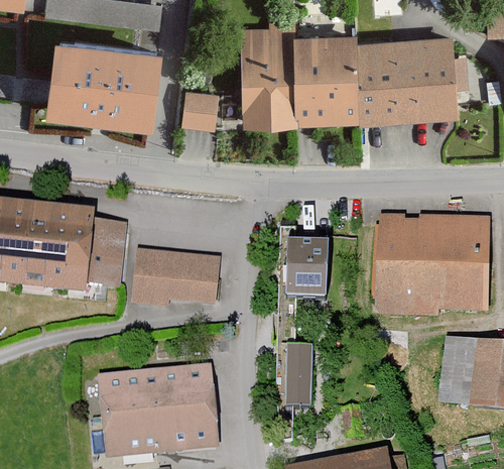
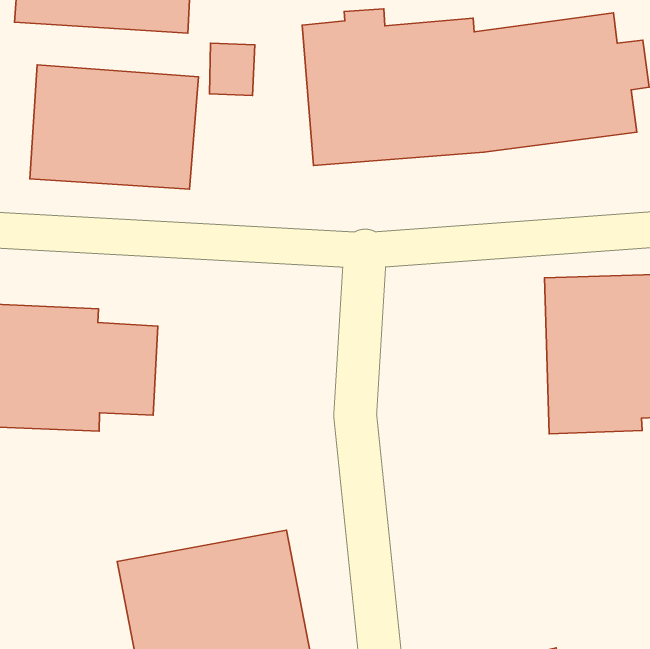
building: [178,93,211,129] -> [209,43,255,95]
building: [271,245,325,303] -> none
building: [135,247,222,304] -> none
building: [278,349,304,411] -> none

